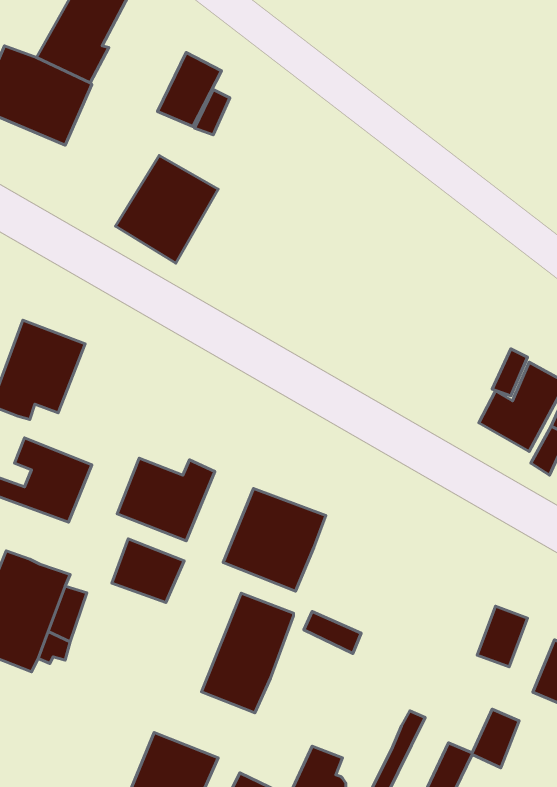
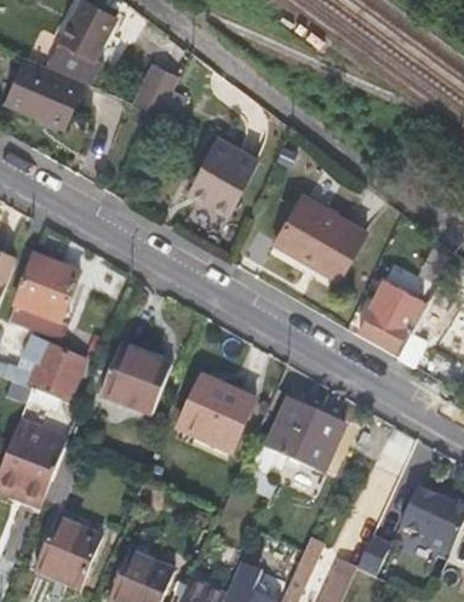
building: [115,156,218,263] -> [183,141,257,218]
building: none -> [276,195,363,277]
building: none -> [269,402,343,471]
building: [112,539,184,602] -> none
building: [202,593,294,713] -> none
building: none -> [35,517,102,586]

